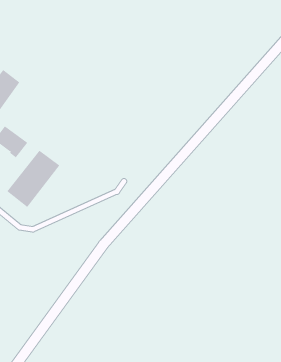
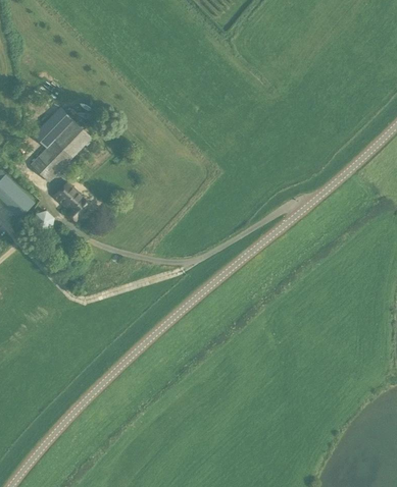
building: [7,150,60,208] -> none

